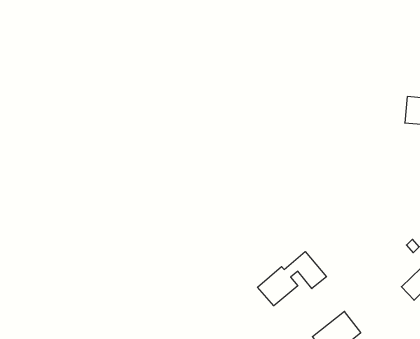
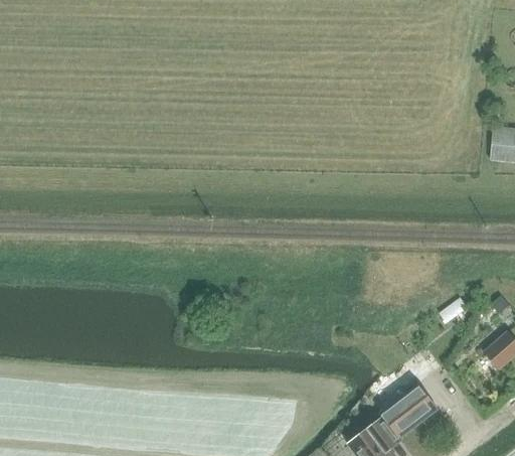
building: [258,252,326,306] -> none

